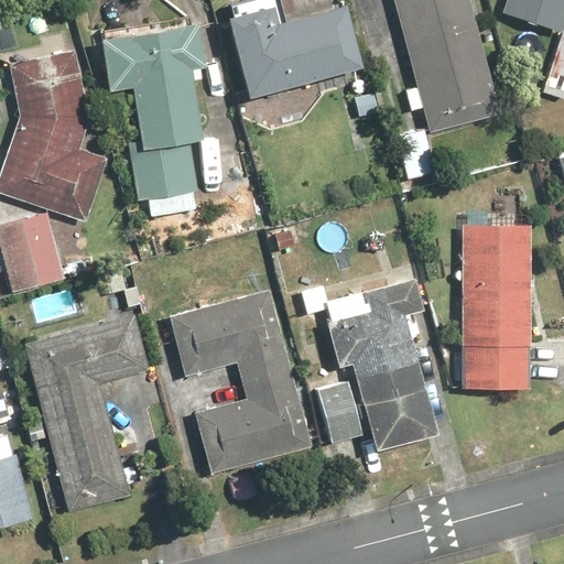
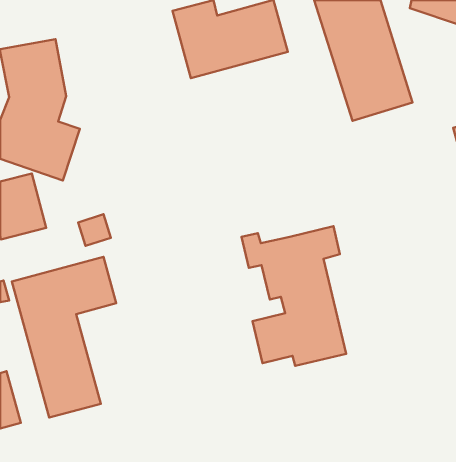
building: [91,23,199,218] -> none
building: [463,227,540,398] -> none
building: [166,288,311,471] -> none

